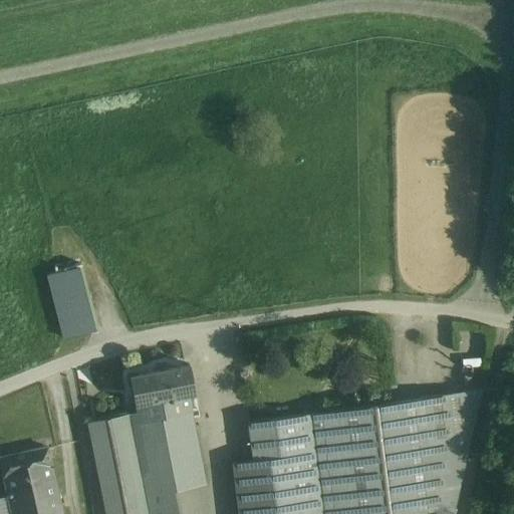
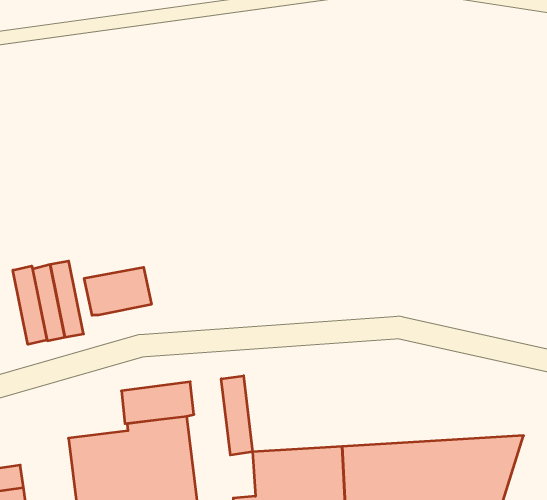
building: none -> [84,267,151,315]
building: none -> [13,266,47,344]
building: none -> [221,376,253,455]

